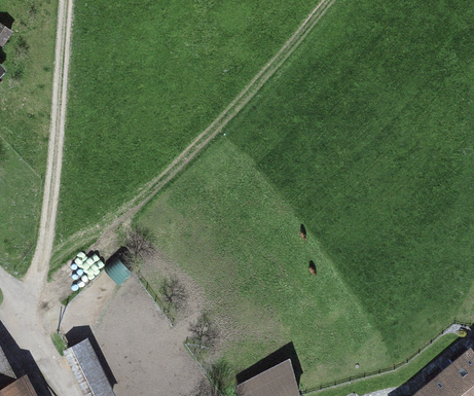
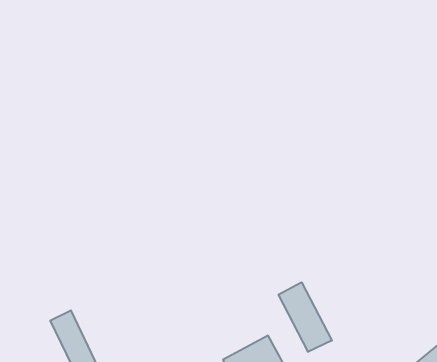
building: none -> [279,282,332,352]

